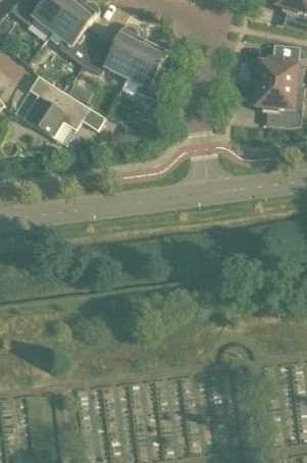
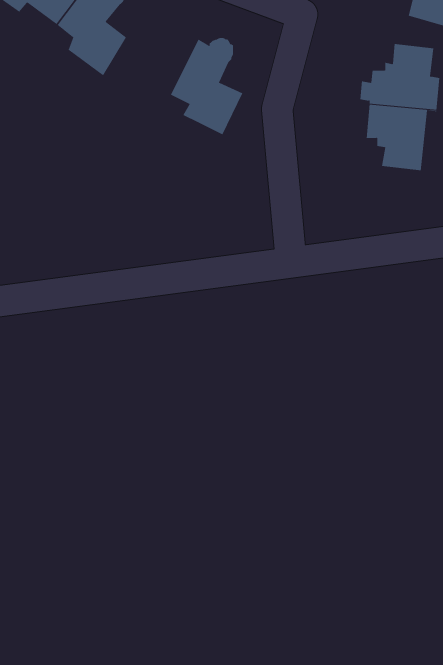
building: [82,24,144,76] -> none
building: [22,89,104,138] -> none

